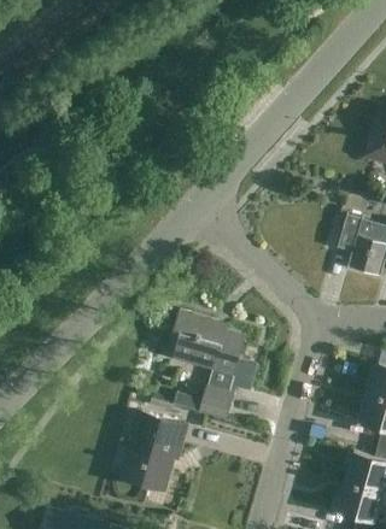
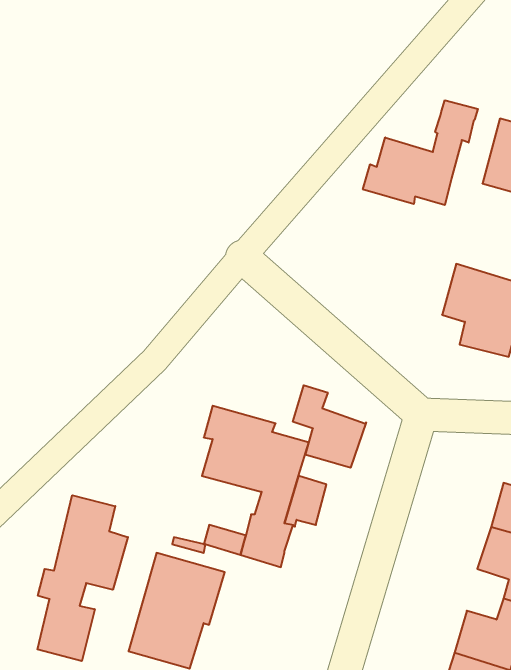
building: none -> [363,100,478,205]
building: none -> [293,385,366,468]
building: none -> [37,495,128,661]

